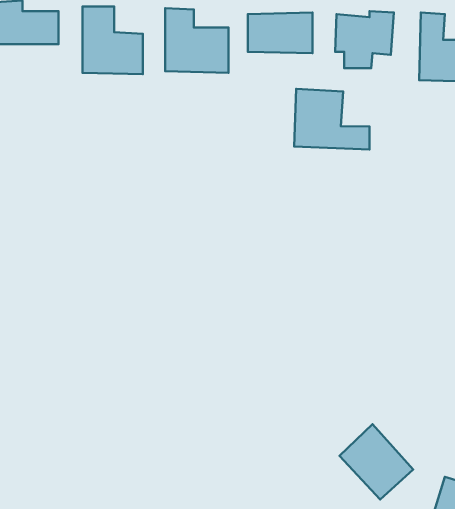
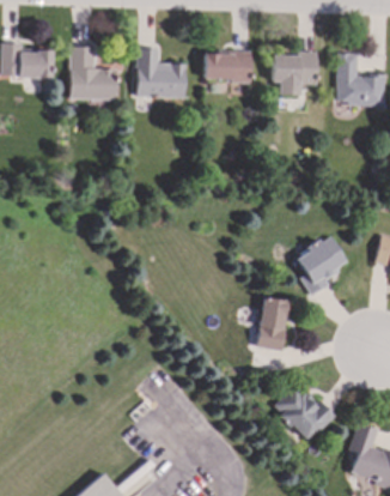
building: [294,89,369,150] -> none
building: none -> [294,234,348,295]
building: none -> [256,296,288,350]

